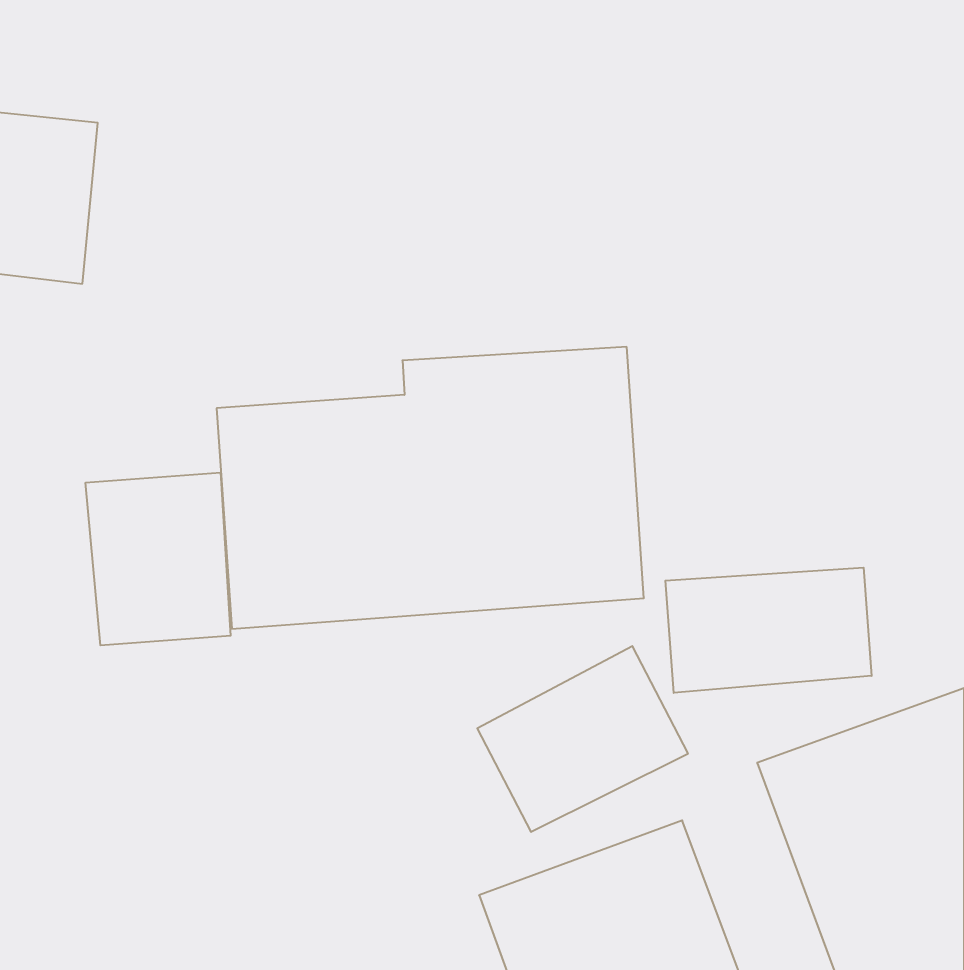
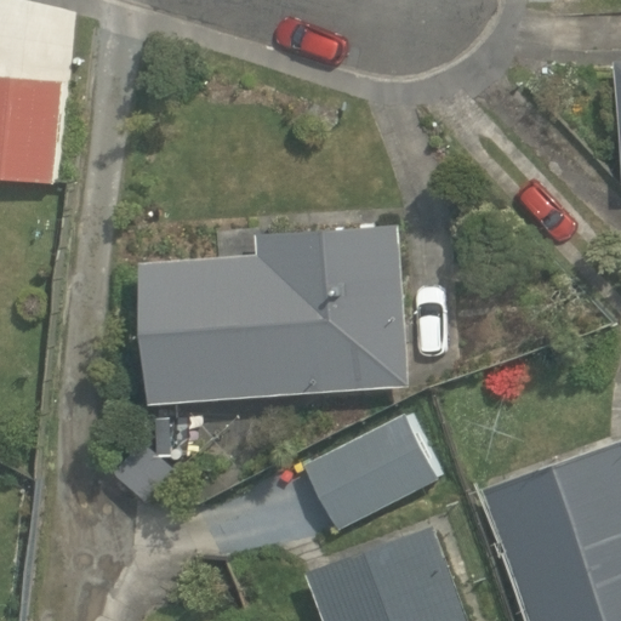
building: [86,473,231,645] -> none
building: [665,568,872,693] -> none

